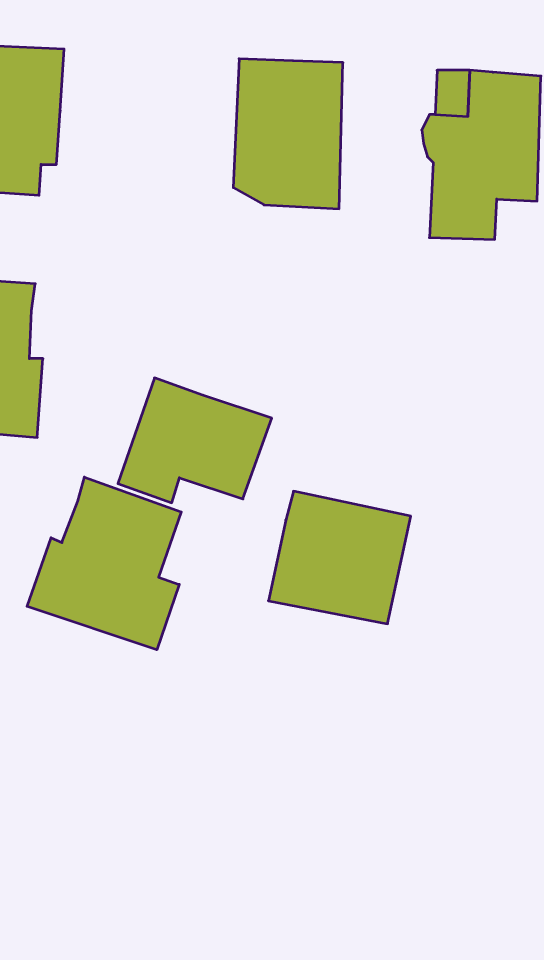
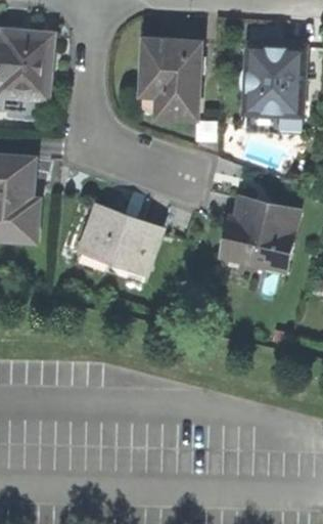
building: [27,477,181,650] -> none
building: [268,491,411,624] -> [224,195,299,266]

